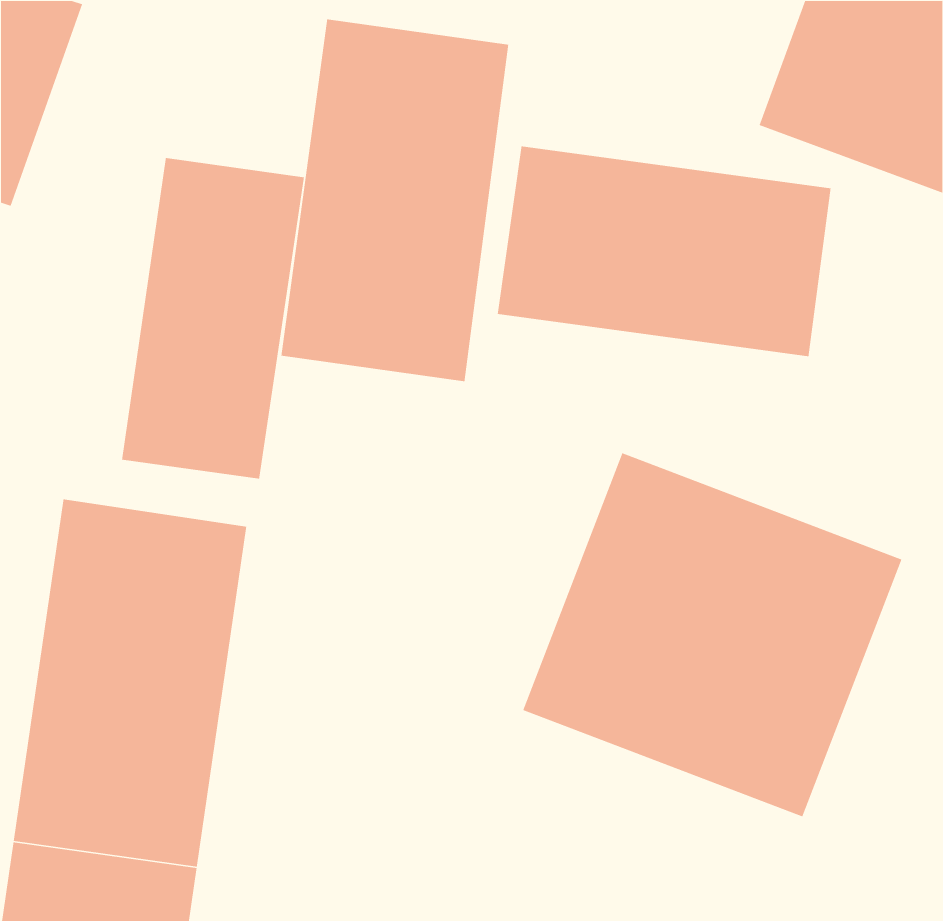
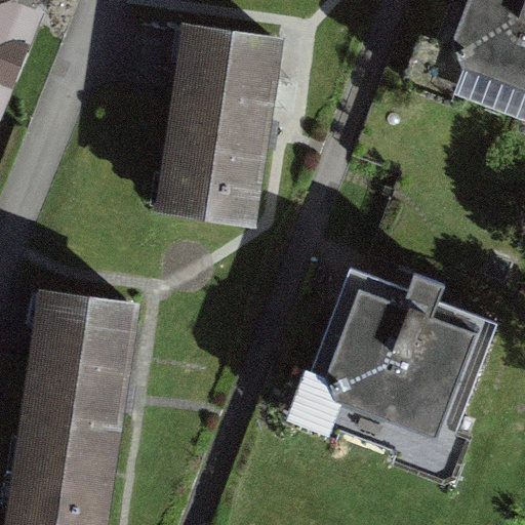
building: [497,145,831,357] -> none
building: [121,157,305,479] -> none

